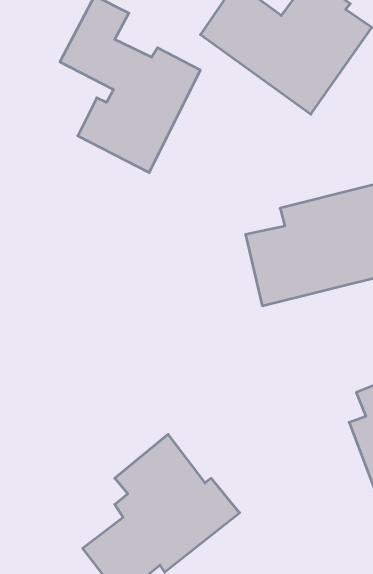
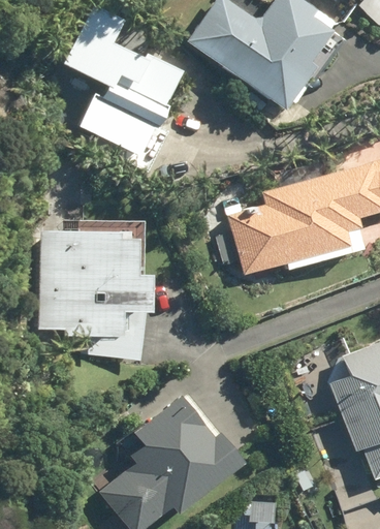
building: none -> [41,232,155,361]

